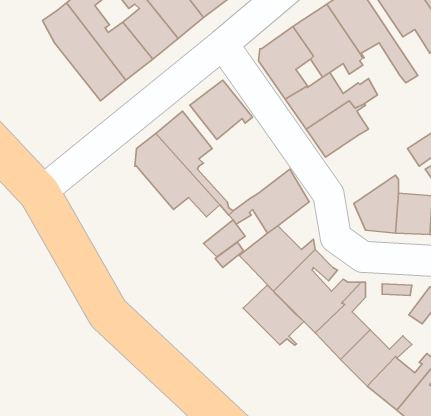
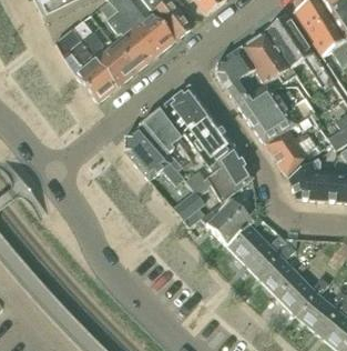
building: none -> [184,114,238,171]
building: none -> [265,128,320,174]
building: [243,285,304,345] -> none

